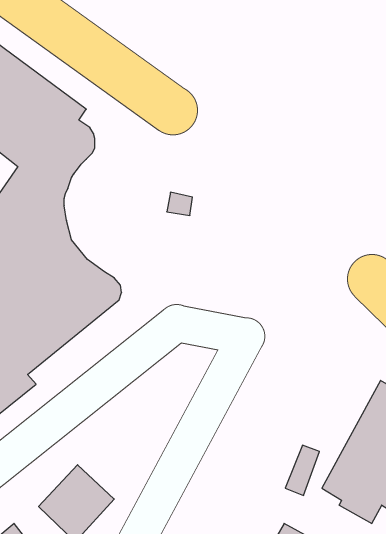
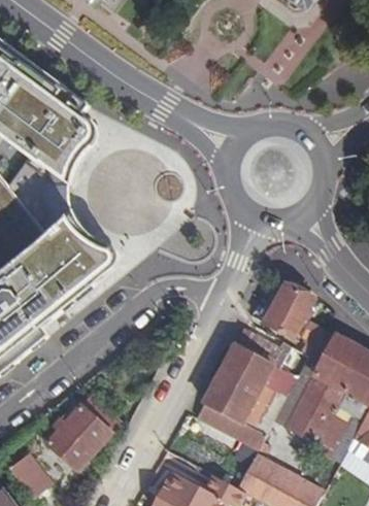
building: none -> [262,283,323,349]
building: none -> [197,327,286,448]

